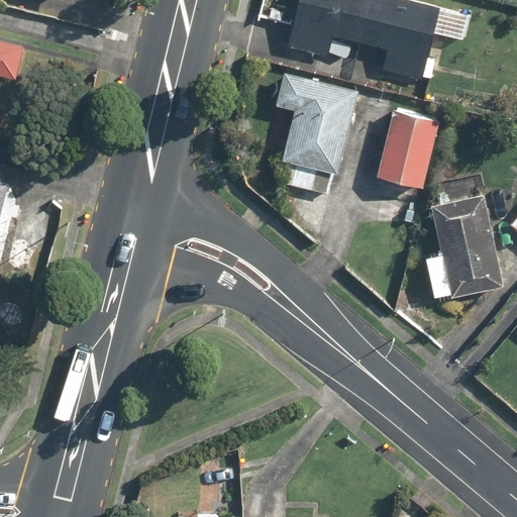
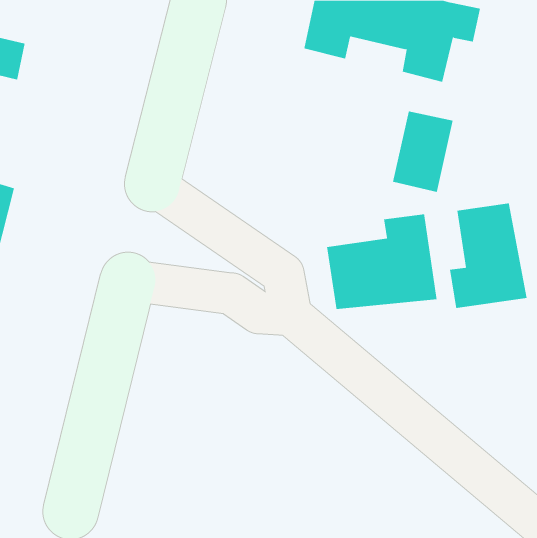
building: [272,71,355,175] -> none
building: none -> [327,214,437,310]

